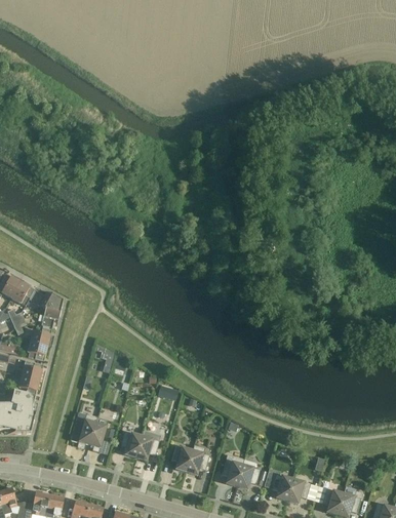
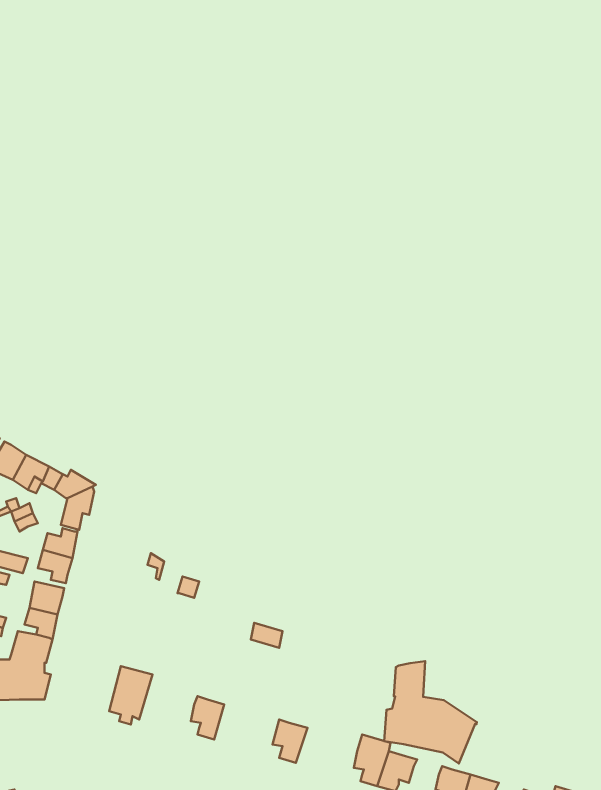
building: none -> [384,661,477,763]
building: [89,417,109,454] -> none
building: [135,430,161,462] -> none
building: [186,445,209,475] -> none

